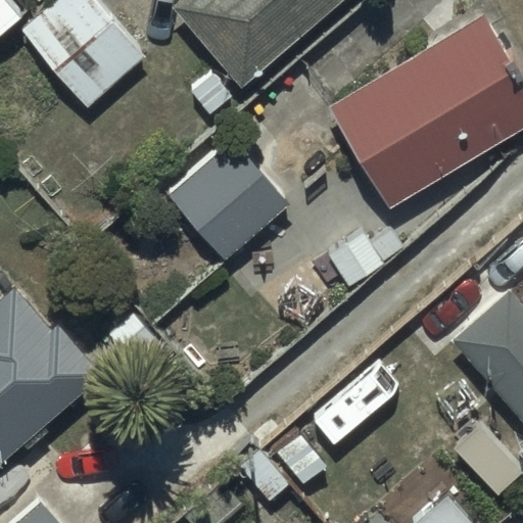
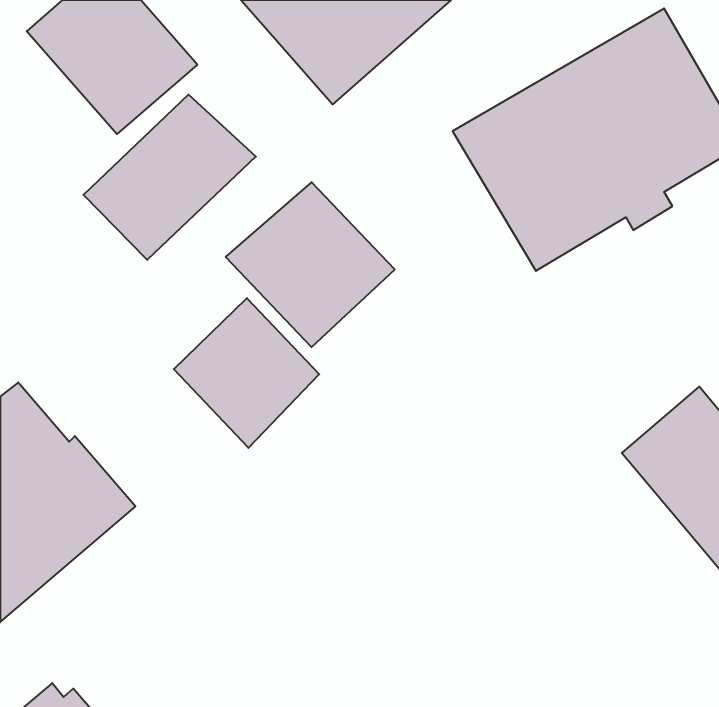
building: none -> [83,95,256,260]
building: none -> [174,298,319,448]

